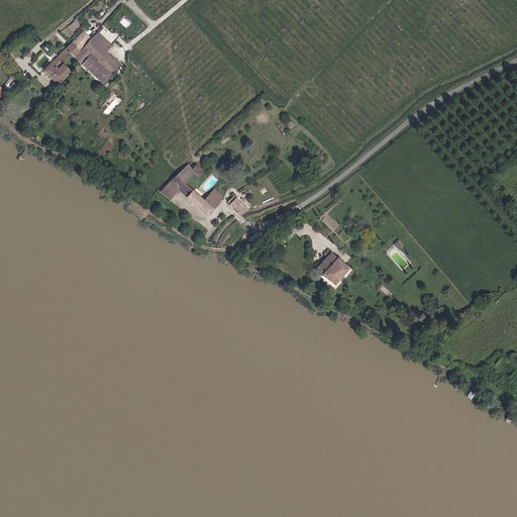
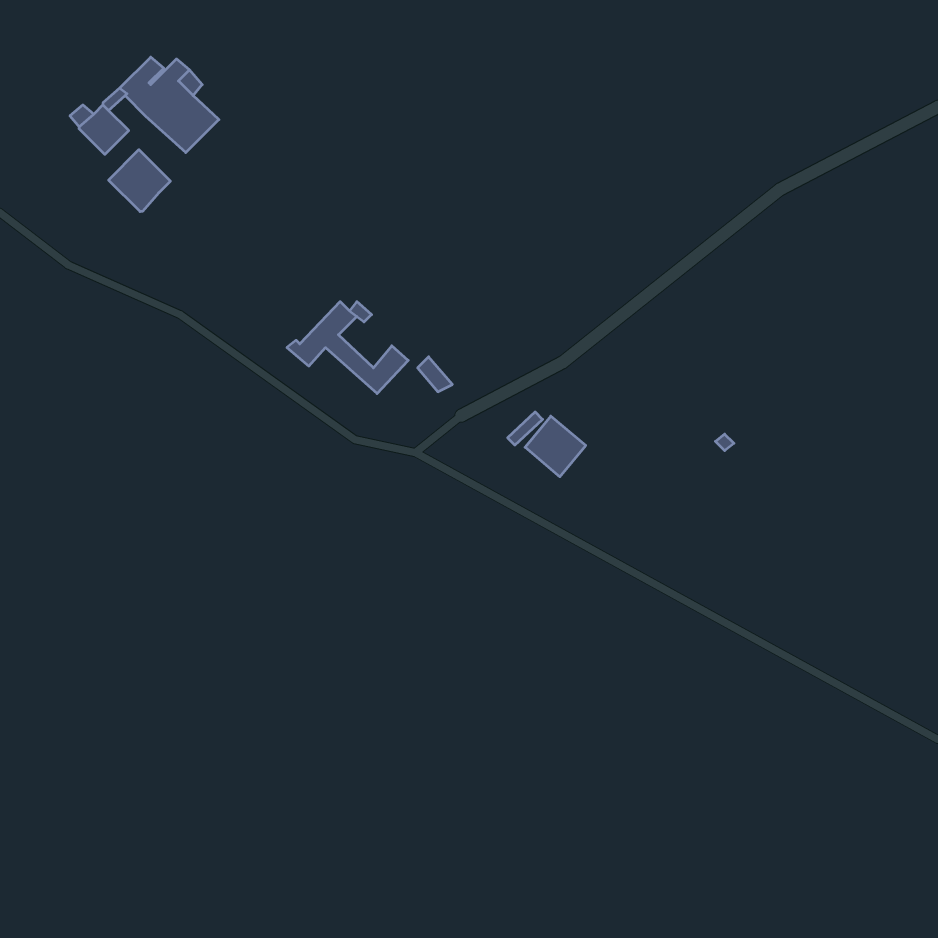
building: none -> [109,150,170,212]
building: [316,250,349,284] -> [525,416,586,477]

